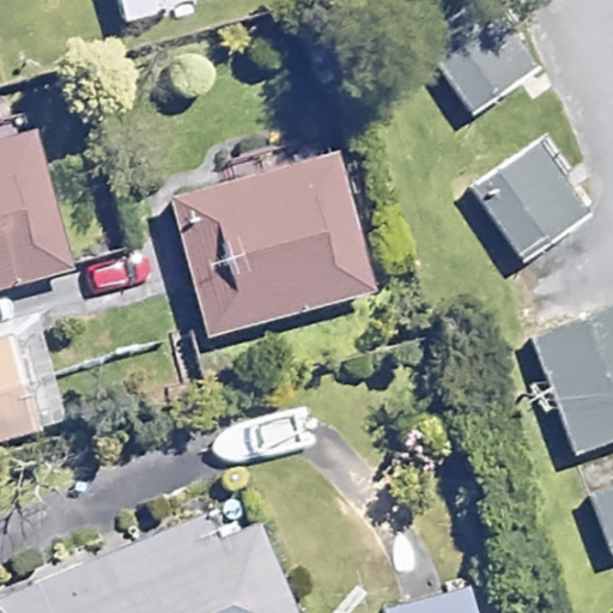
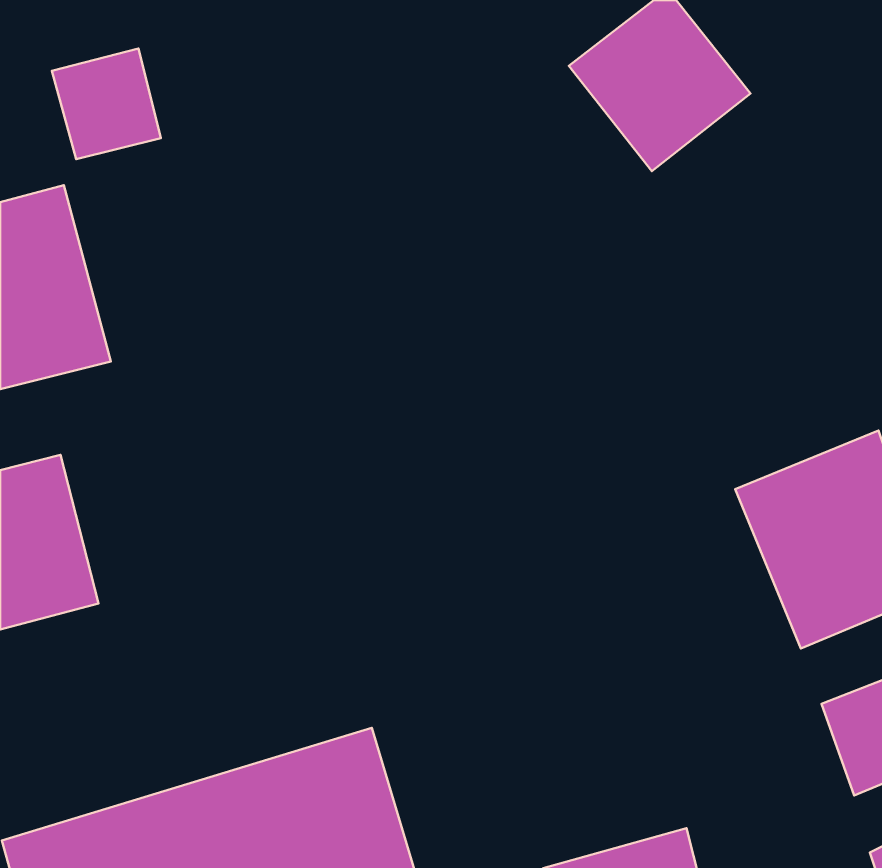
building: [448,146,573,272] -> none
building: [218,158,374,314] -> none

